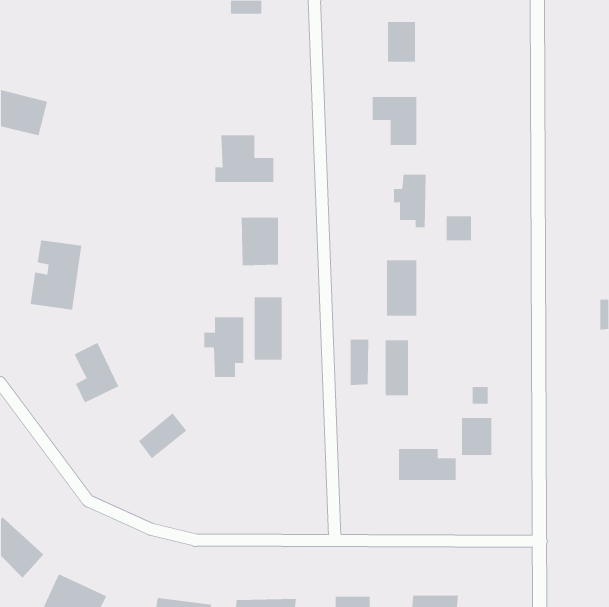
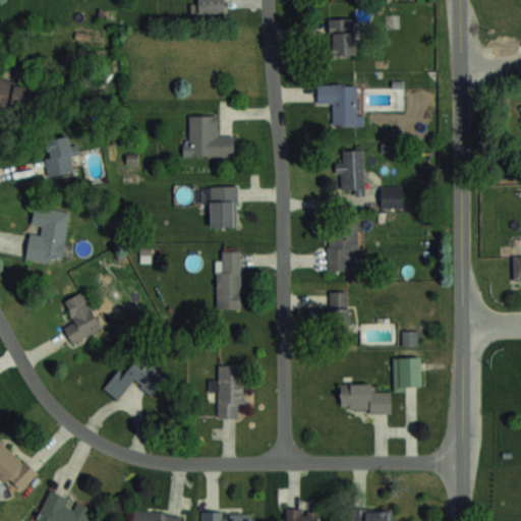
building: none -> [42,137,78,177]
building: [204,317,244,378] -> [210,366,244,418]
building: [350,339,369,386] -> none

